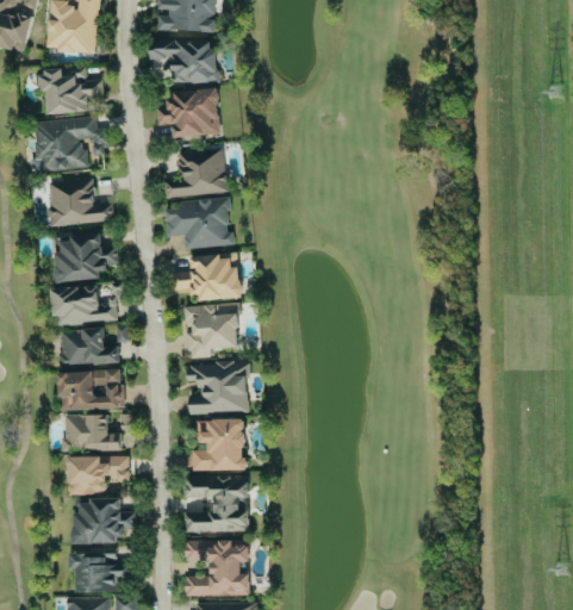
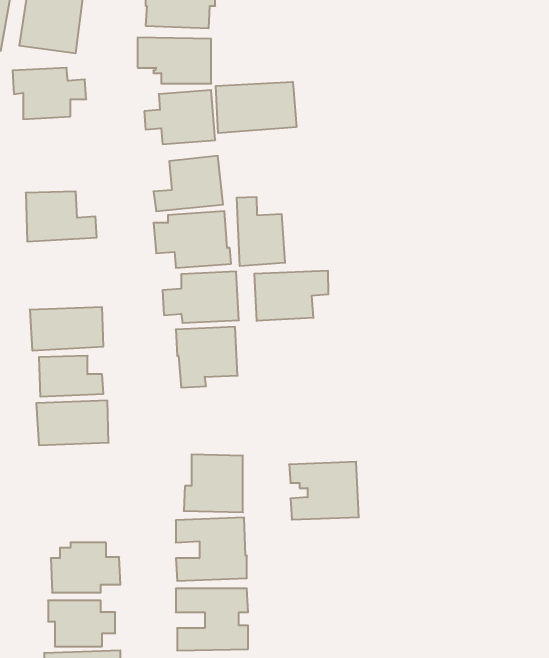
building: none -> [216,82,296,133]
building: [31,118,107,172] -> none
building: none -> [237,197,285,266]
building: [55,237,118,282] -> none
building: none -> [254,271,328,321]
building: [187,362,250,415] -> [289,462,359,520]
building: [63,415,122,452] -> none
building: [68,456,129,496] -> none

